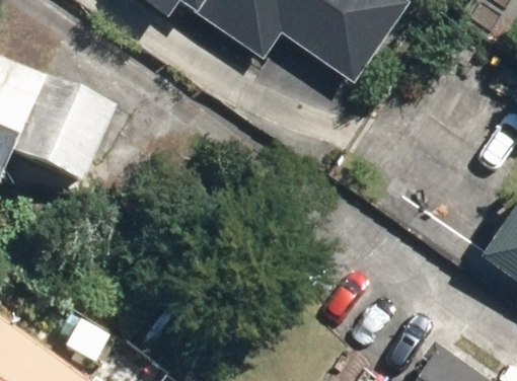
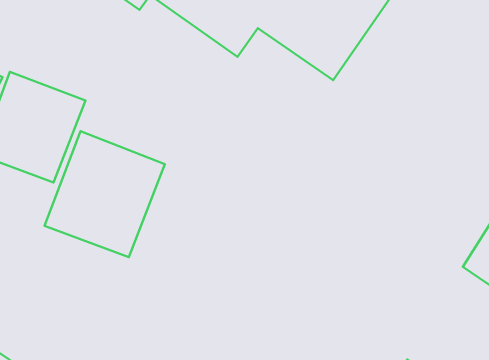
building: none -> [45,131,165,257]

